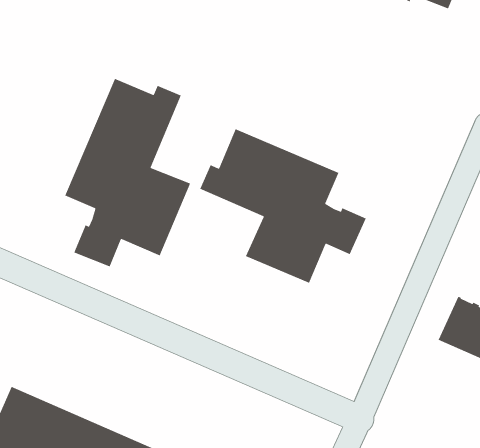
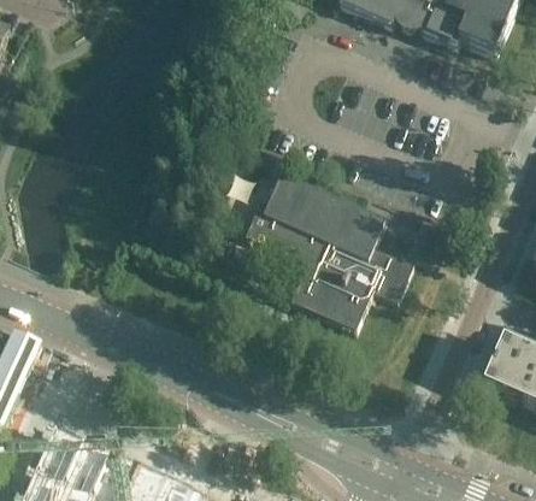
building: [64,78,191,267] -> none

